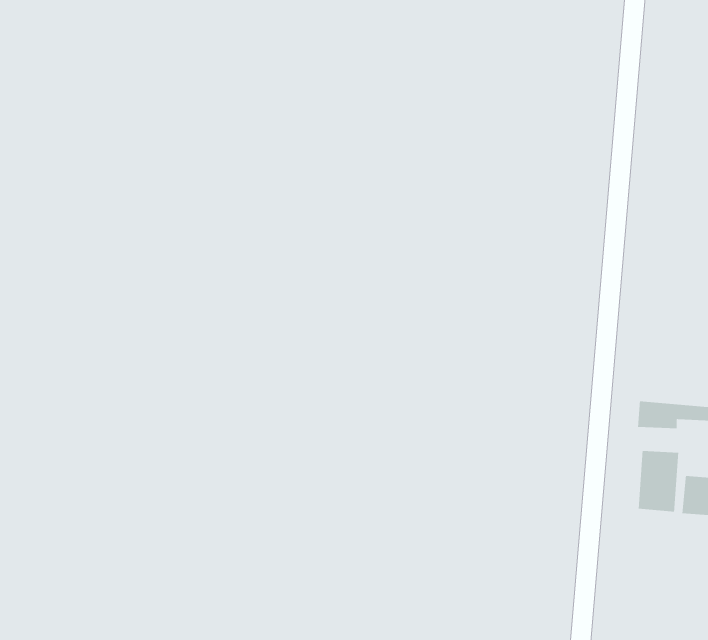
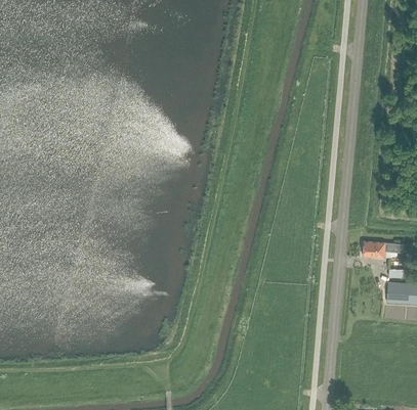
building: [638,450,679,513] -> none

